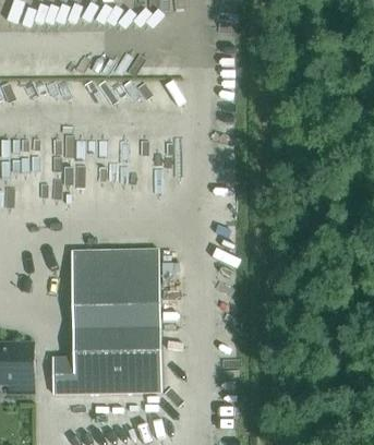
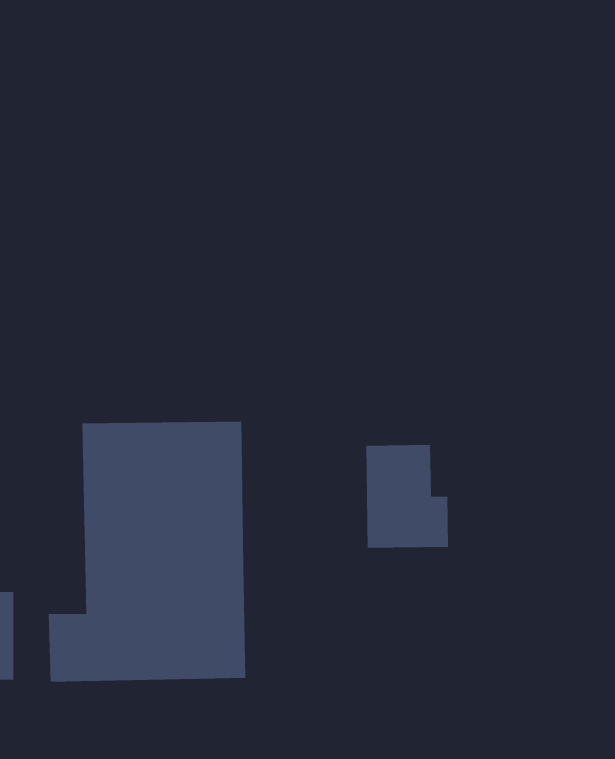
building: none -> [365,444,449,549]

